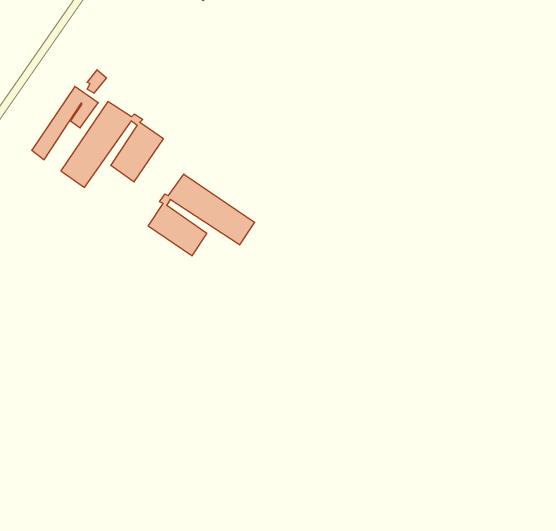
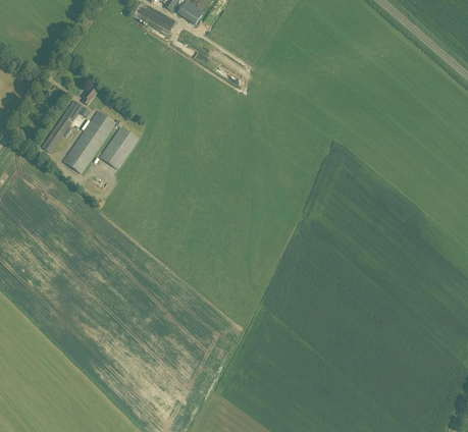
building: [148,174,255,256] -> none

